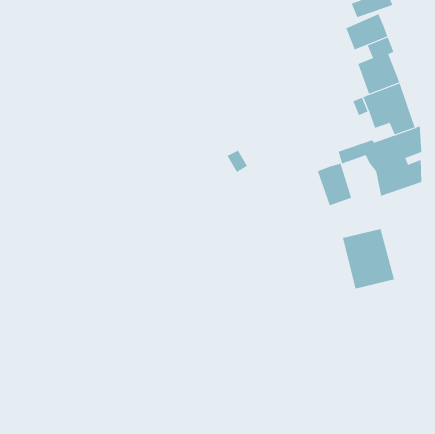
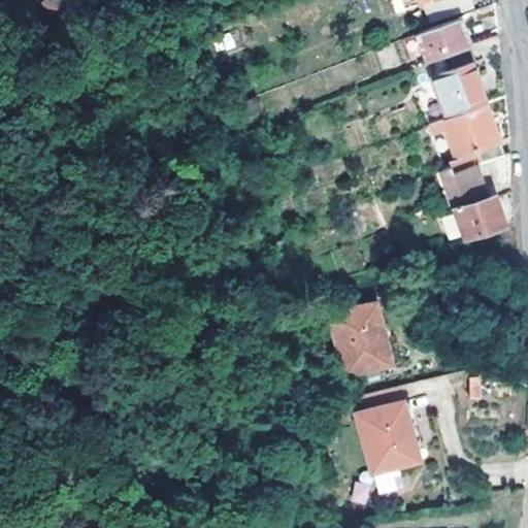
building: [317,163,352,206] -> none
building: [342,229,395,289] -> [329,302,393,375]
building: none -> [356,404,417,496]

